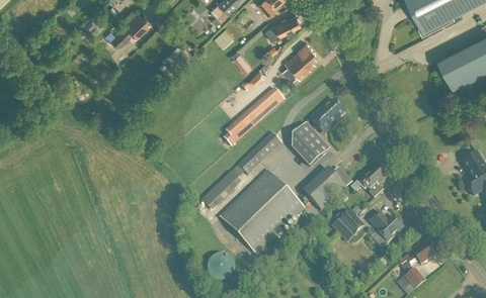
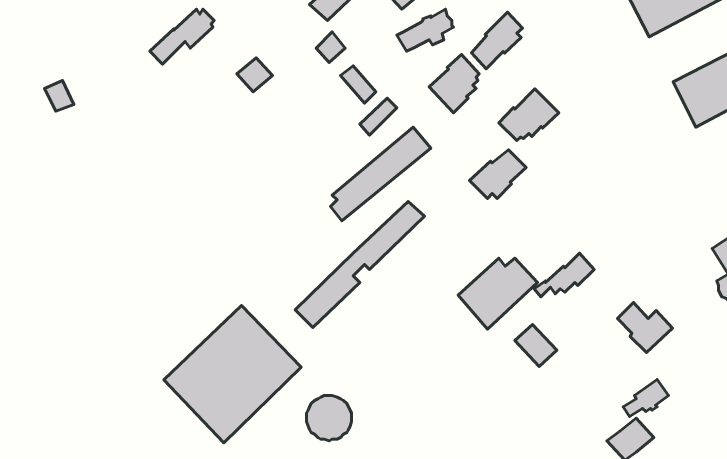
building: none -> [471,12,522,69]
building: none -> [499,89,559,140]
building: [292,126,329,169] -> none
building: [219,173,305,259] -> [164,306,301,443]
building: [369,214,403,245] -> [617,302,672,353]

